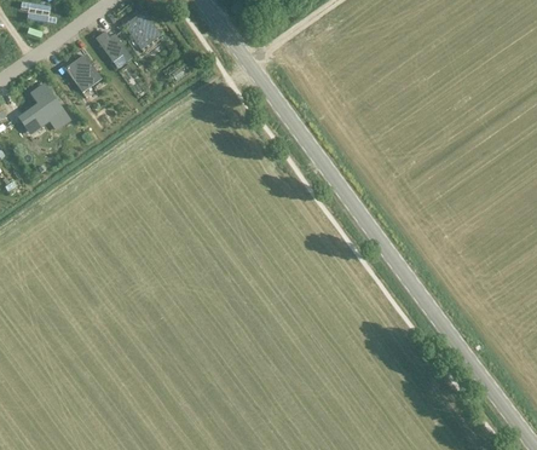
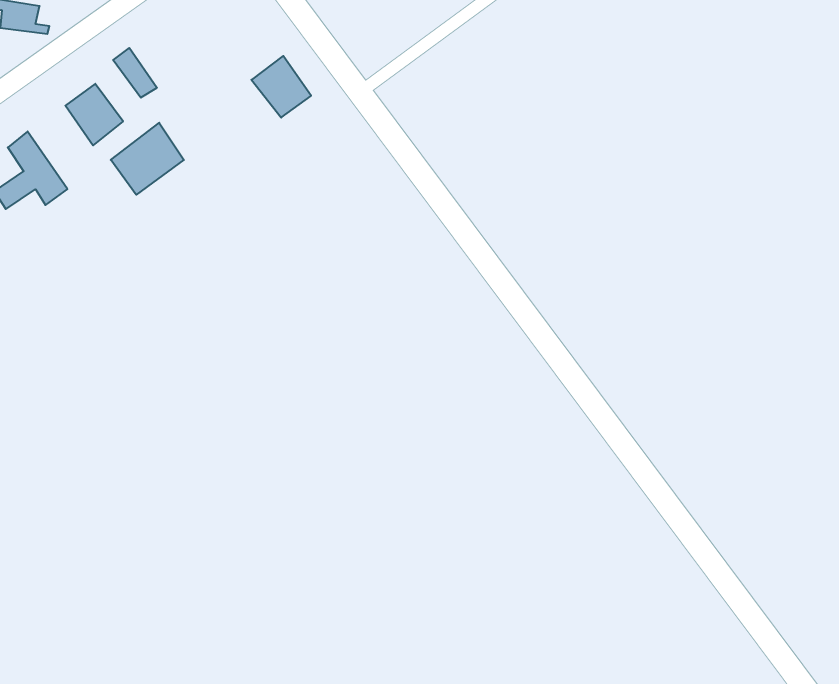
building: [122,10,158,47] -> [251,56,311,118]
building: none -> [111,123,184,195]

